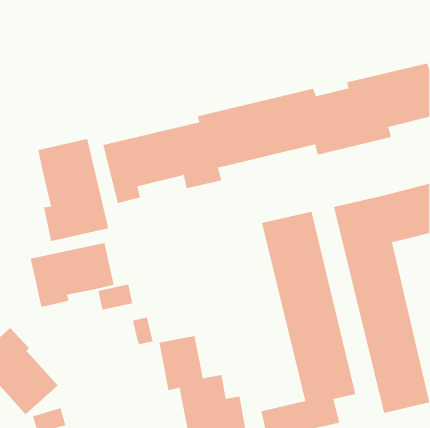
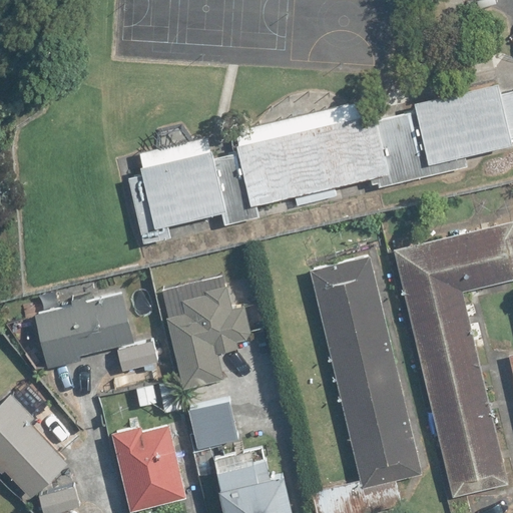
building: [38,138,109,242] -> none
building: none -> [160,276,250,389]
building: none -> [113,425,185,507]

